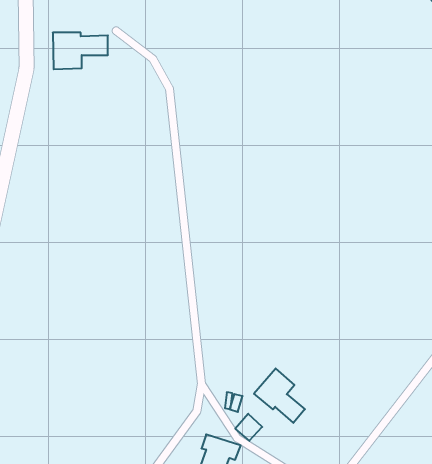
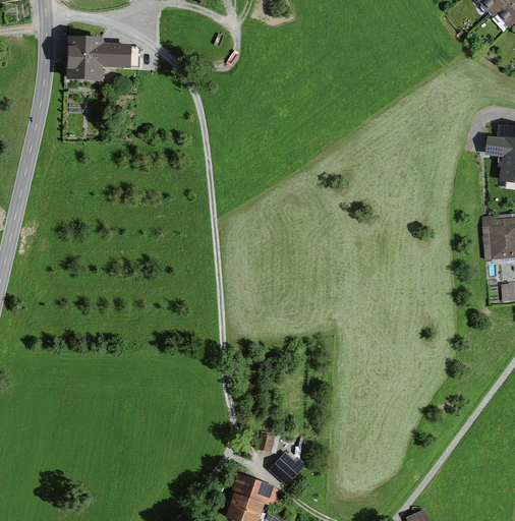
building: [254,368,305,423] -> none

